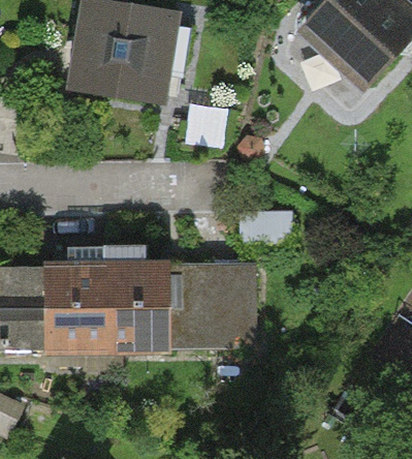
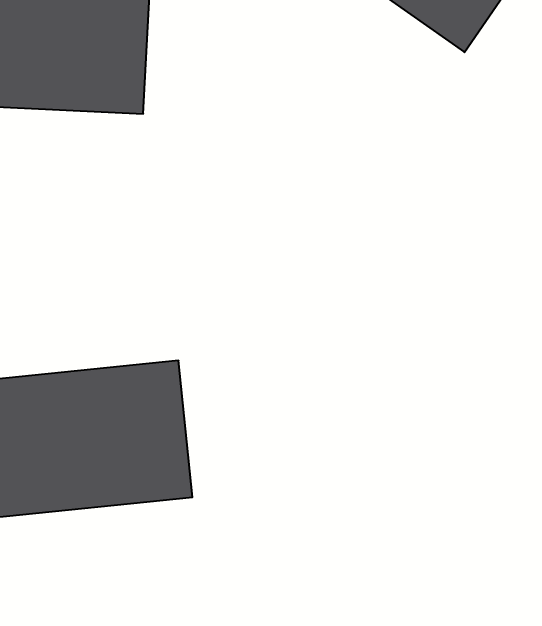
building: [165,263,257,346] -> none

